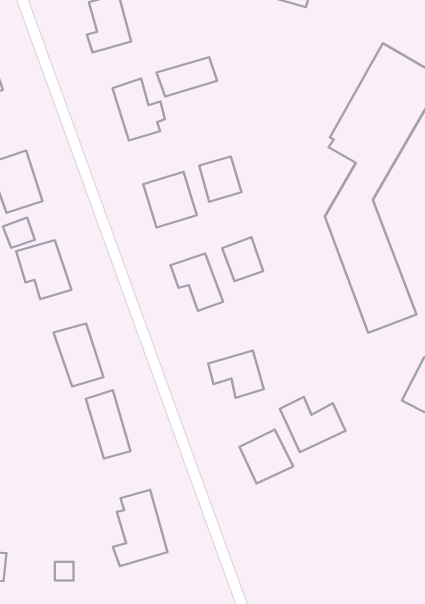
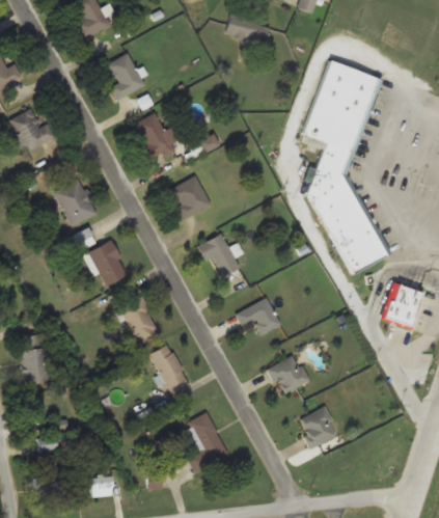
building: [157,57,217,97] -> none
building: [199,156,242,202] -> none
building: [222,237,263,281] -> none
building: [280,397,346,452] -> none
building: none -> [299,407,339,447]

